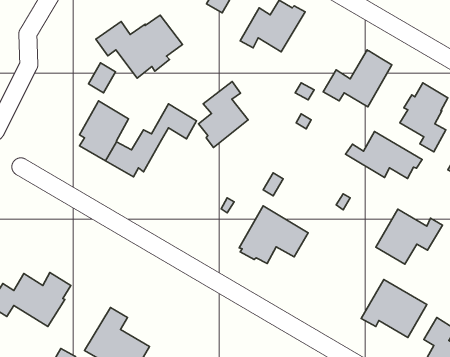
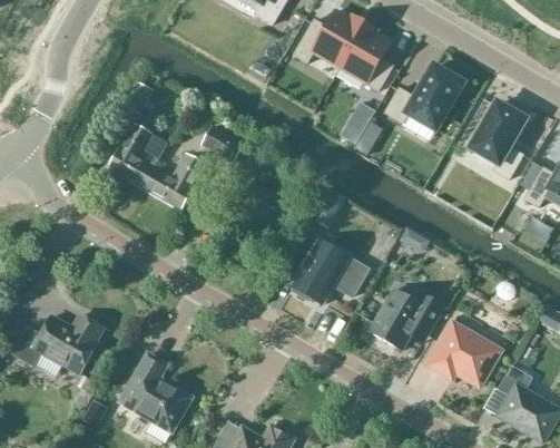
building: none -> [338,22,393,89]
building: [96,15,183,78] -> none
building: [198,82,248,148] -> none
building: [346,132,422,178] -> none
building: [376,209,443,264] -> [370,288,444,349]

